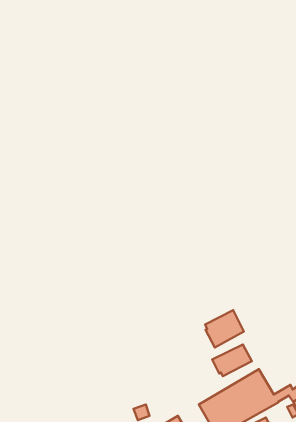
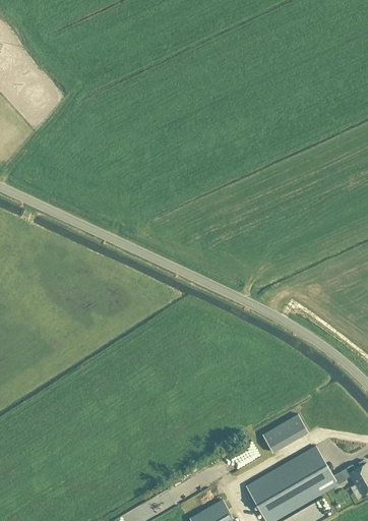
building: [205,310,244,348] -> none

